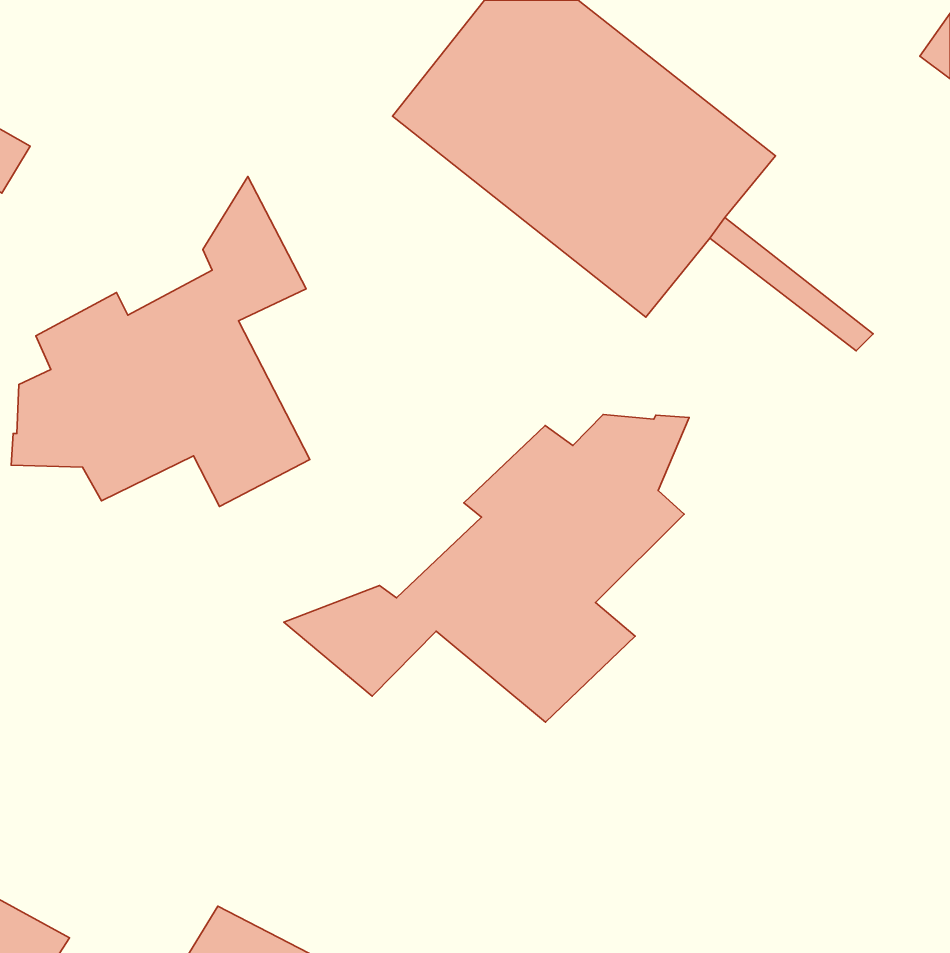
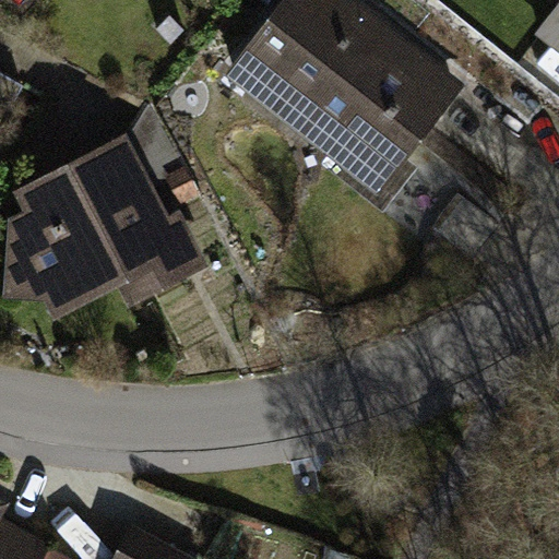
building: [284,415,689,722] -> none

